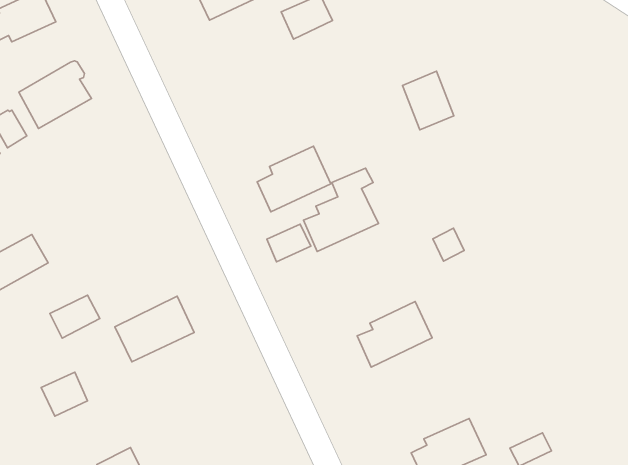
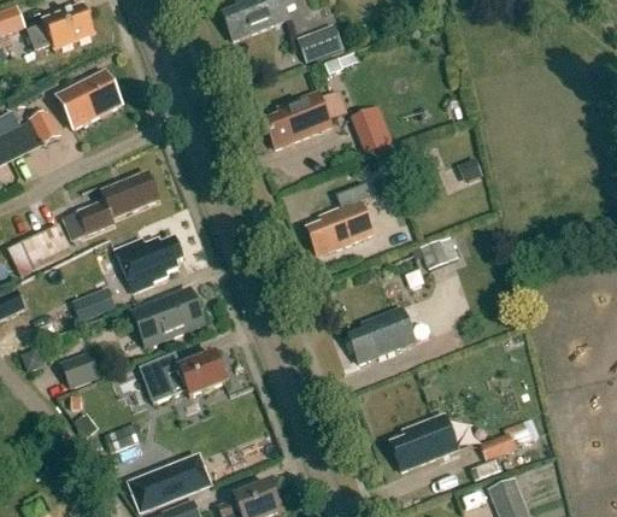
building: [403,71,454,130] -> [352,100,396,152]
building: [257,146,331,212] -> [264,90,330,147]
building: none -> [61,172,158,239]
building: [267,224,311,262] -> none
building: none -> [114,237,182,290]
building: none -> [140,353,228,401]

